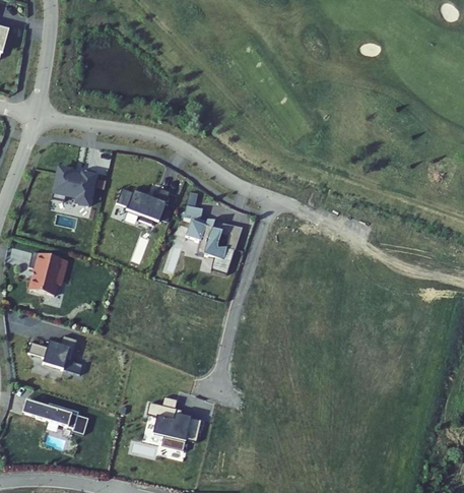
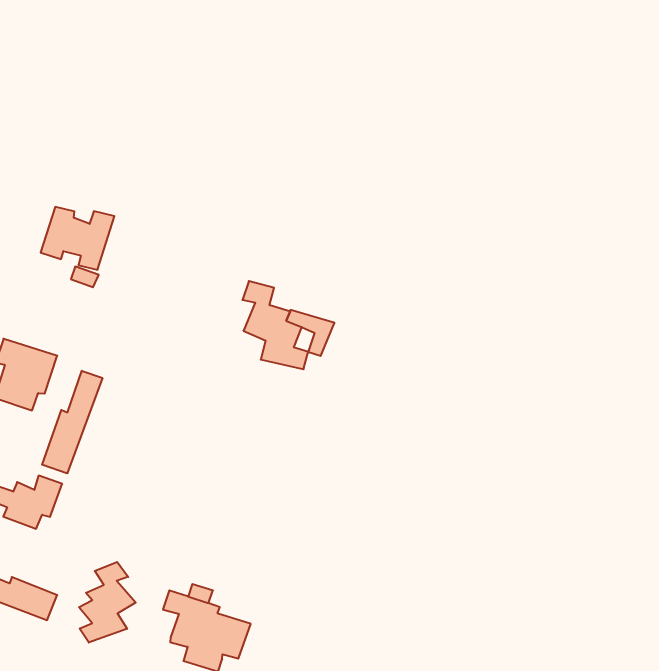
building: [116,187,170,225] -> none
building: none -> [42,371,102,473]
building: none -> [79,562,136,643]

